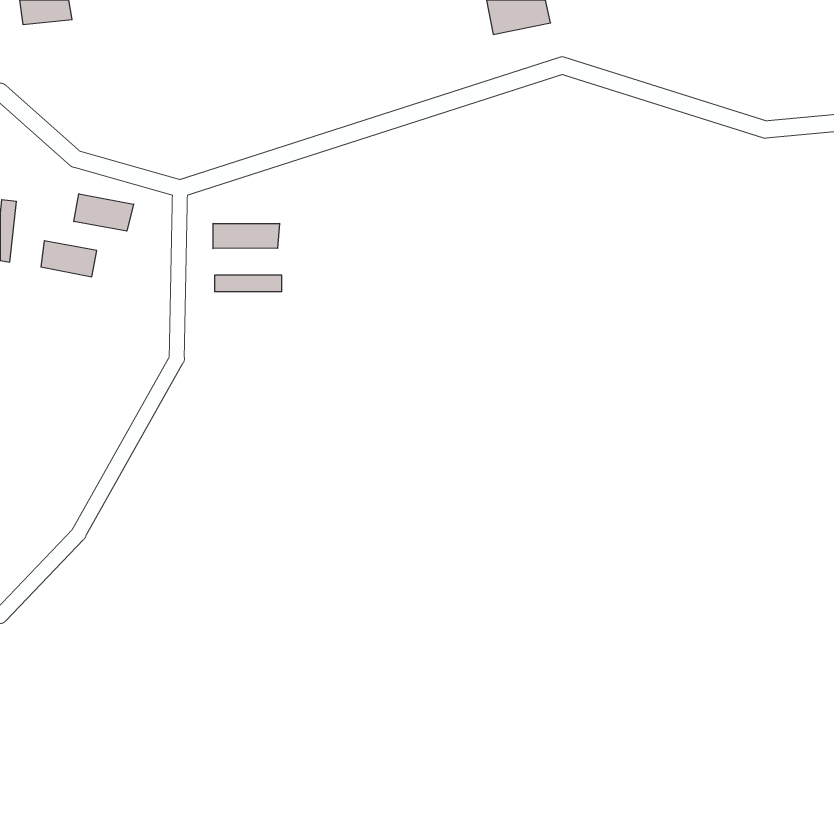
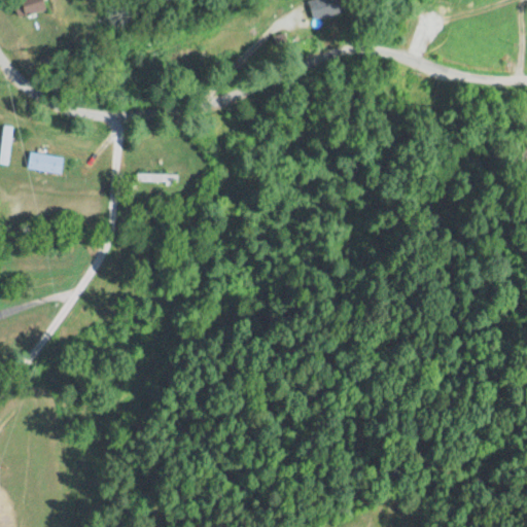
building: [74,194,134,231] -> none
building: [213,223,280,249] -> none

